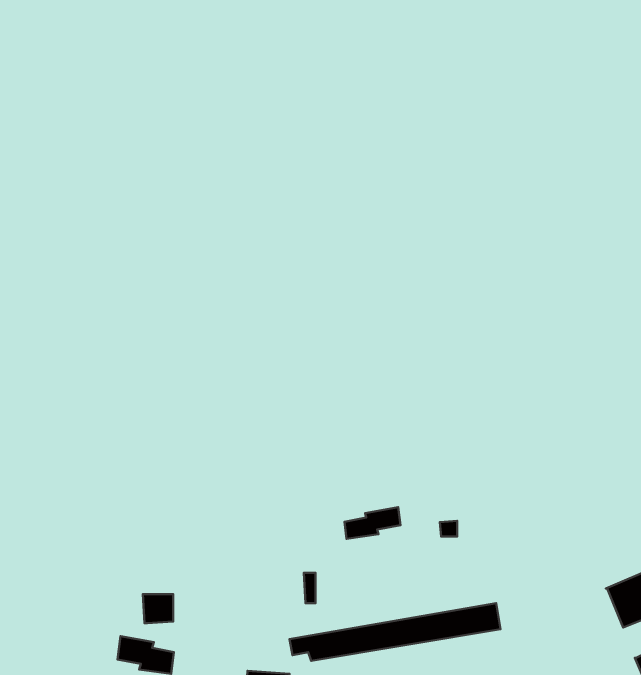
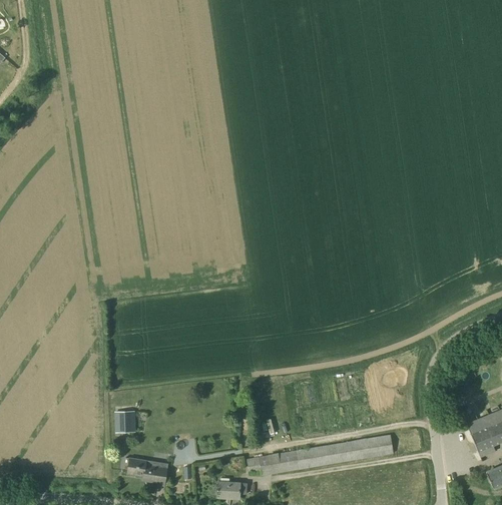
building: [345,507,400,539] -> none
building: [143,594,173,623] -> [115,412,136,432]

